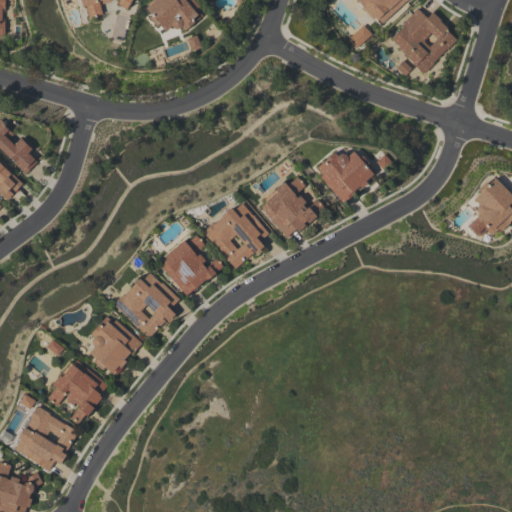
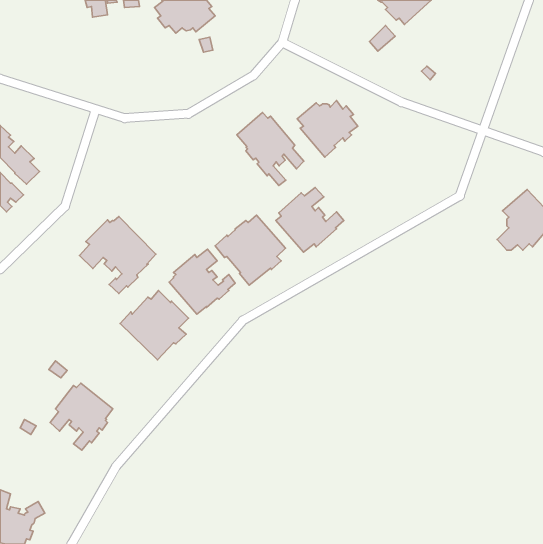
building: [391,7,456,71] -> none
building: none -> [237,113,304,186]
building: [317,150,374,203] -> [297,101,358,157]
building: none -> [79,216,156,293]
building: [89,316,141,374] -> none
building: [15,405,78,469] -> none

